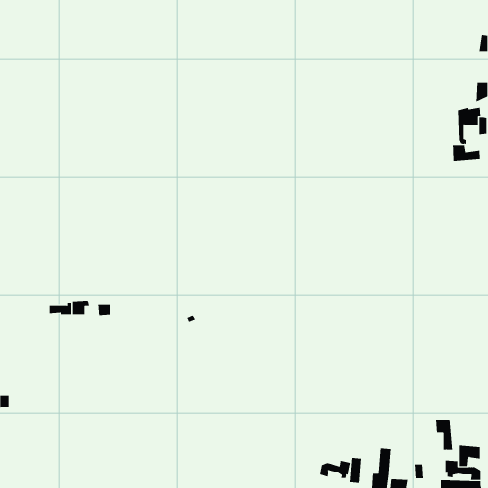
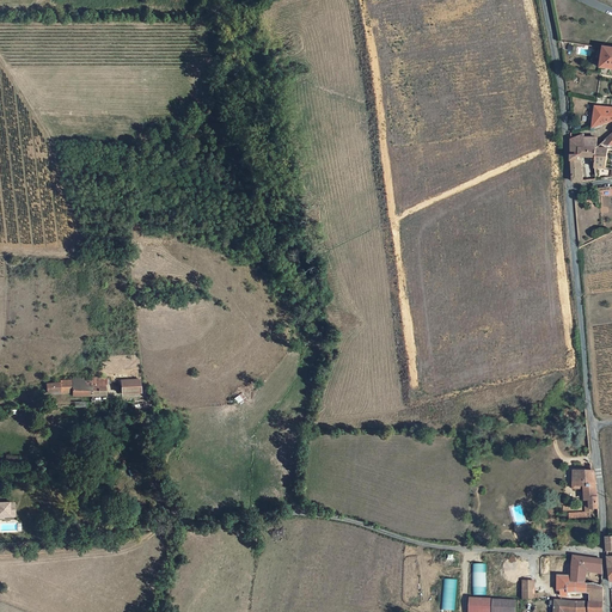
building: [453,144,480,162] -> none
building: [435,420,453,450] -> [573,472,595,510]
building: [319,460,351,479] -> none

